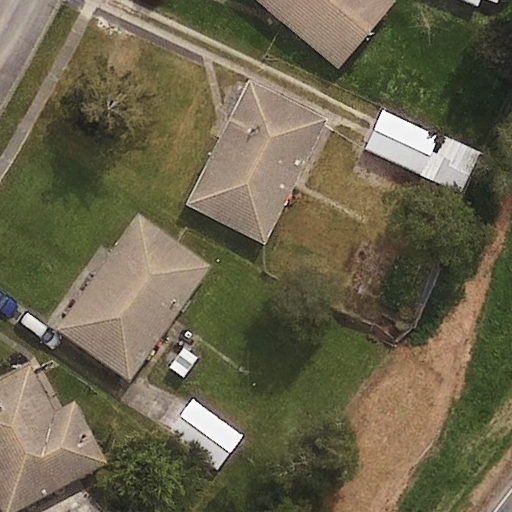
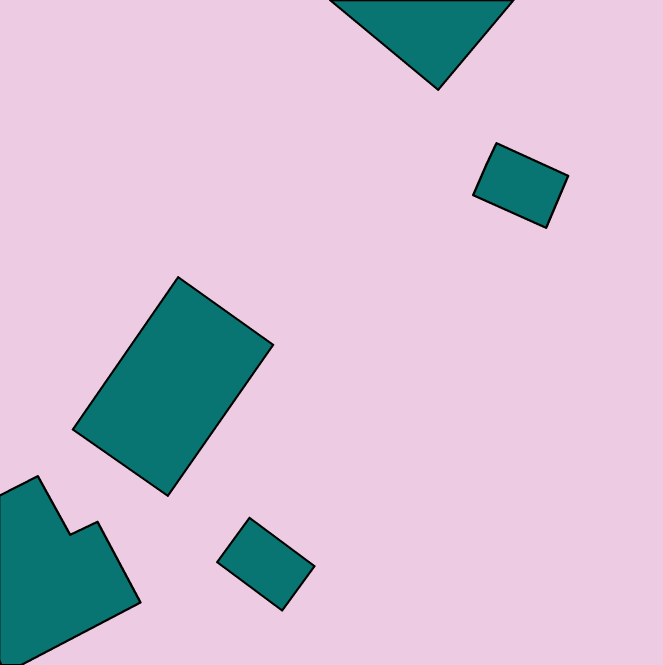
building: [185,80,325,245] -> none

